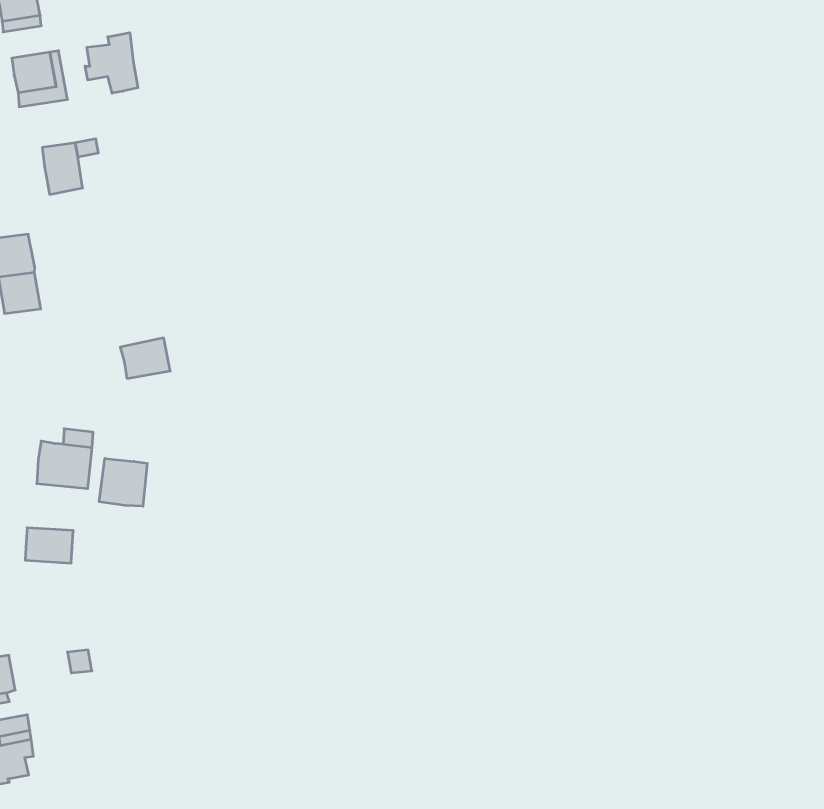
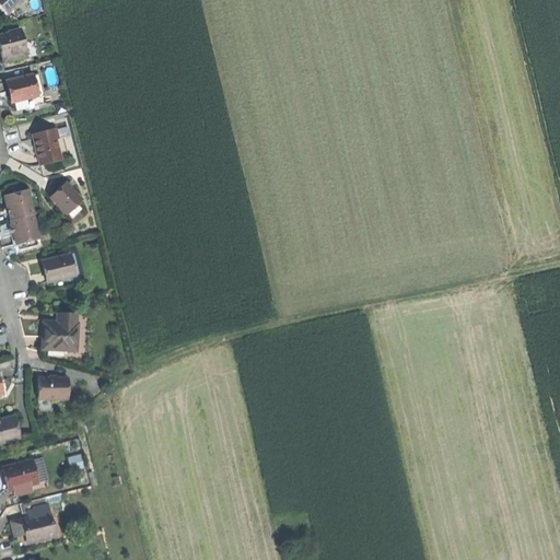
building: [85,33,138,93] -> none
building: none -> [50,183,81,213]
building: [120,338,170,378] -> [43,254,75,281]
building: [99,458,147,506] -> none

